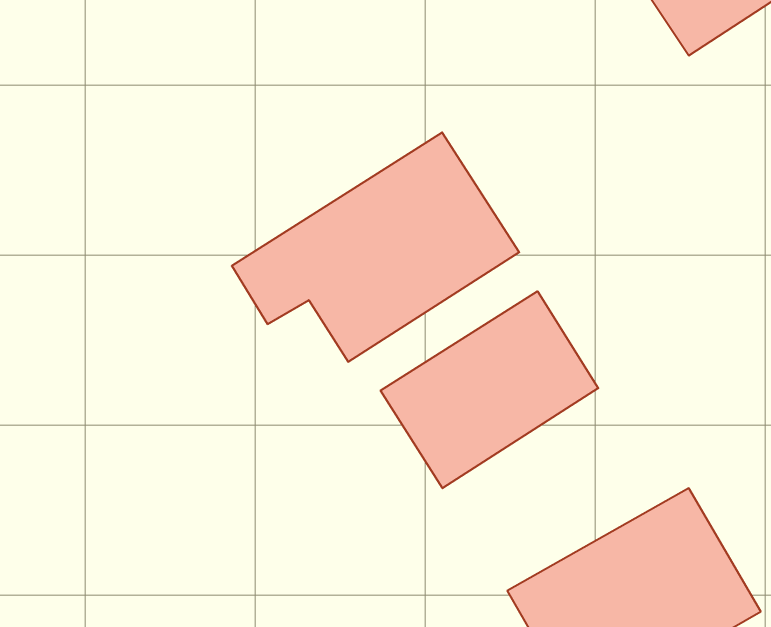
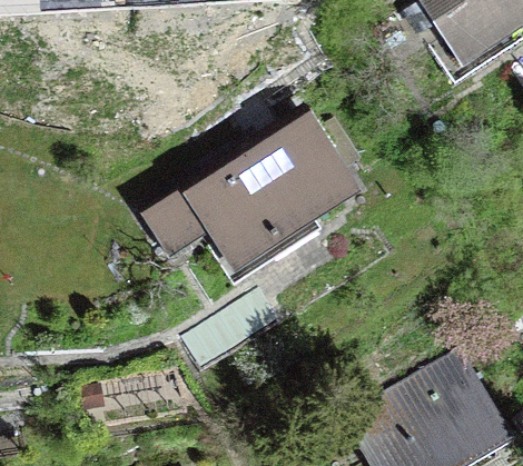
building: [381,291,598,488] -> none

